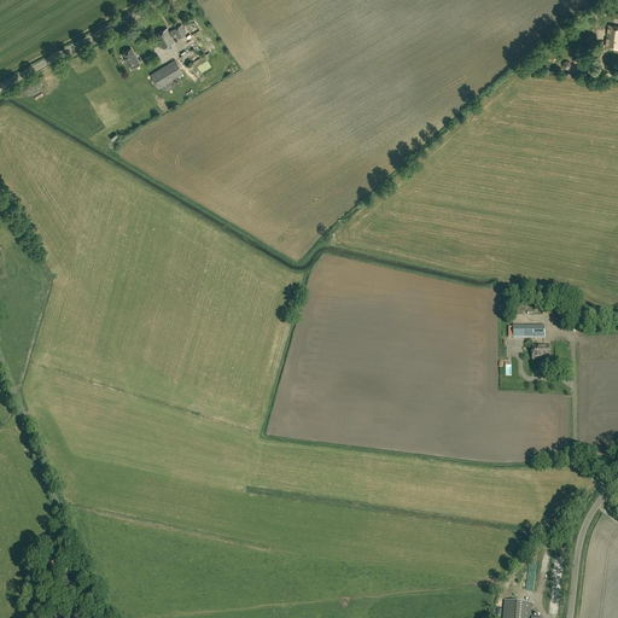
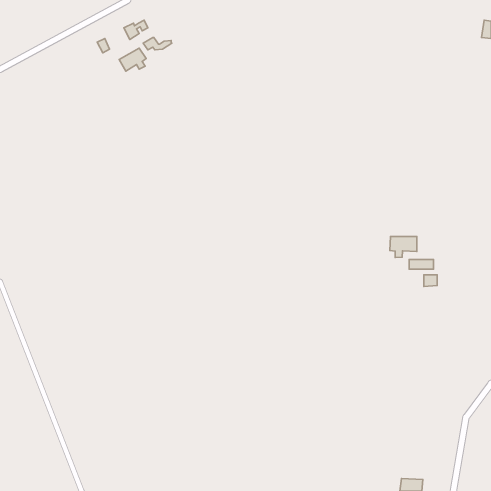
building: none -> [390,236,417,257]

